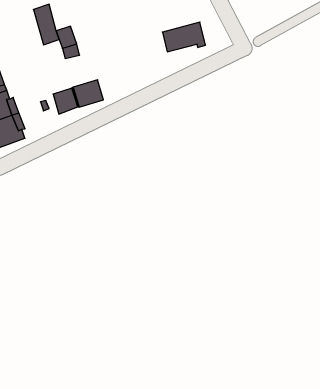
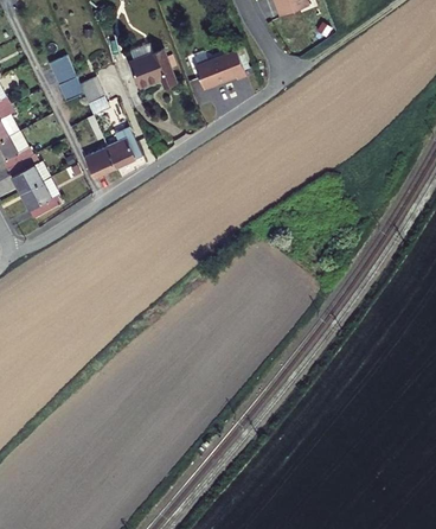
building: none -> [127,50,172,87]

